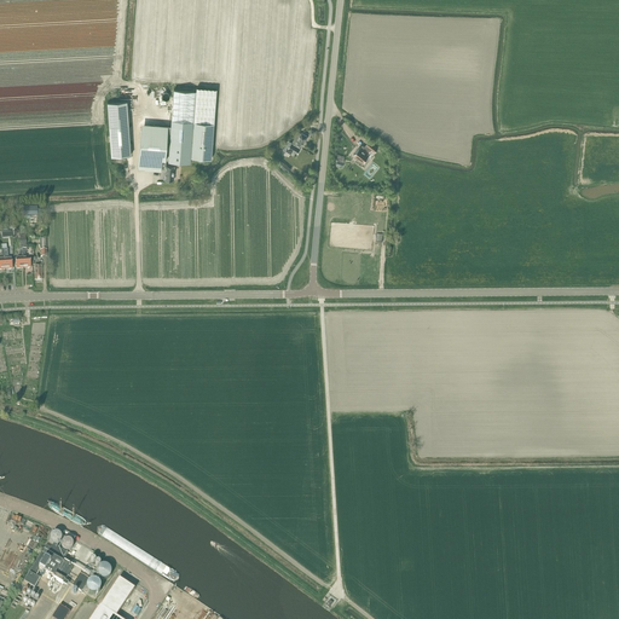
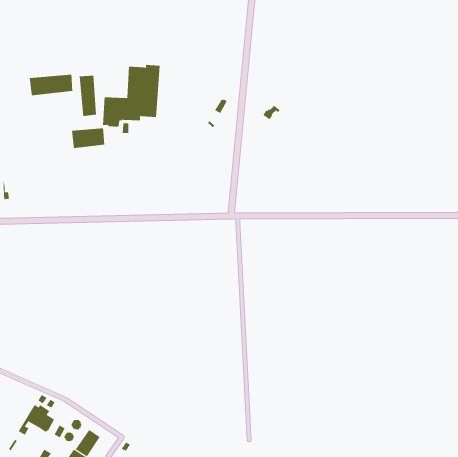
building: none -> [29,74,73,96]
building: none -> [71,127,105,149]

